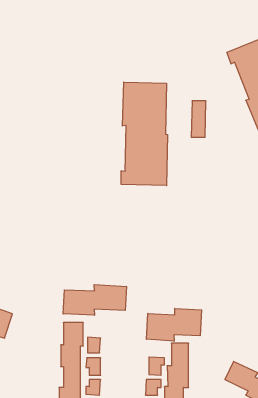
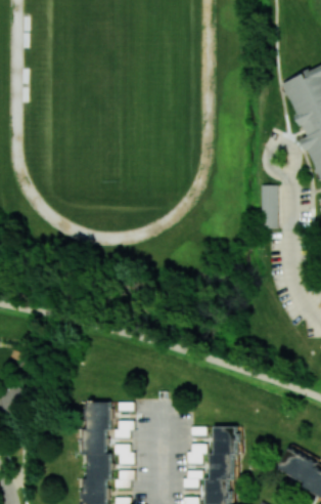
building: [121,82,168,186] -> none
building: [191,101,206,137] -> [260,185,277,228]
building: [63,285,126,315] -> none
building: [146,308,202,341] -> none

